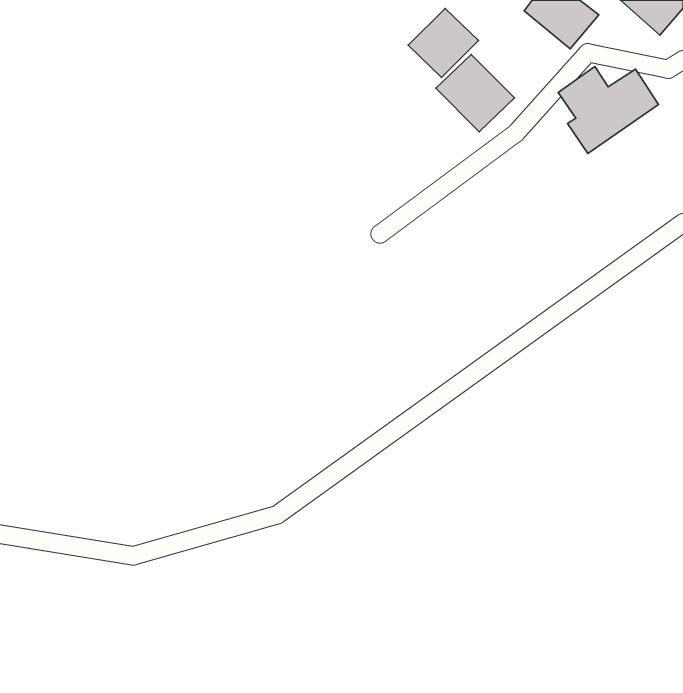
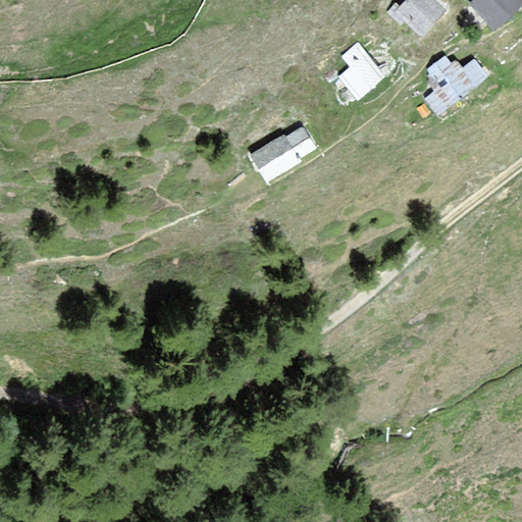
building: [408,8,478,77] -> none
building: none -> [243,116,319,185]

